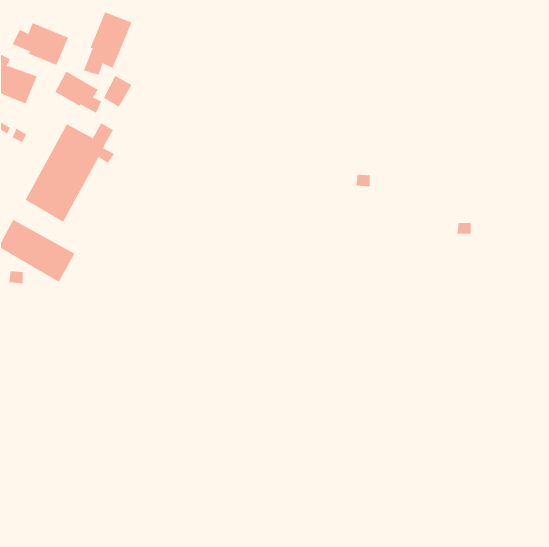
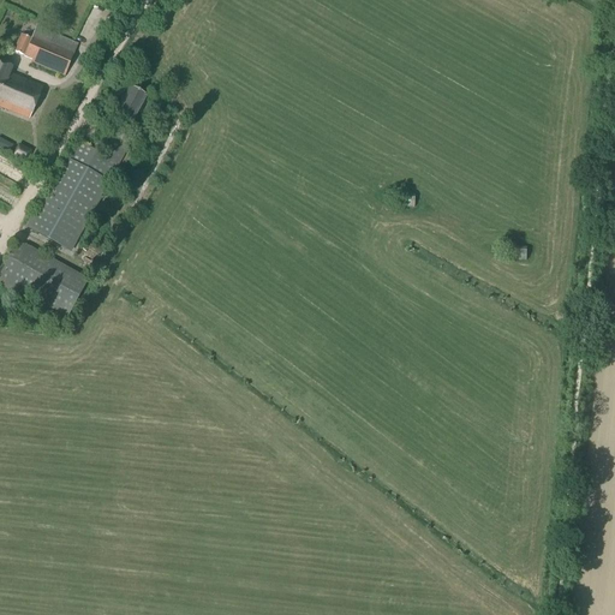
building: [83,11,132,76] -> none
building: [54,71,102,113] -> none

